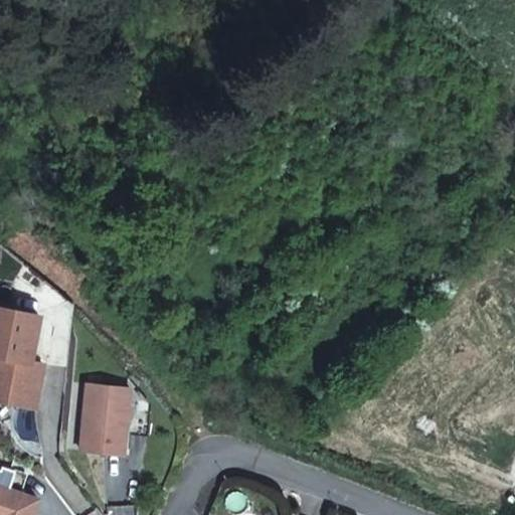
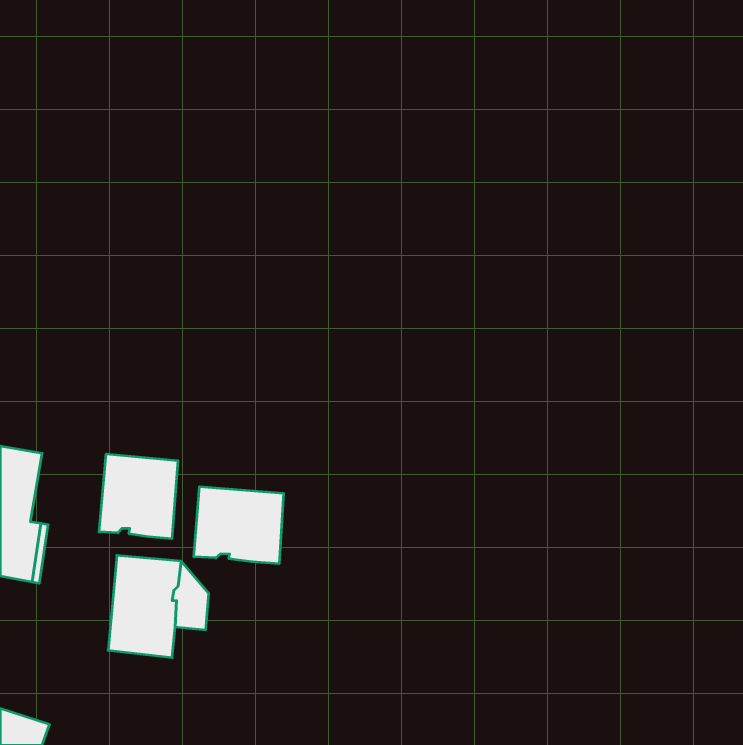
building: none -> [99,454,178,539]
building: none -> [194,487,283,564]

